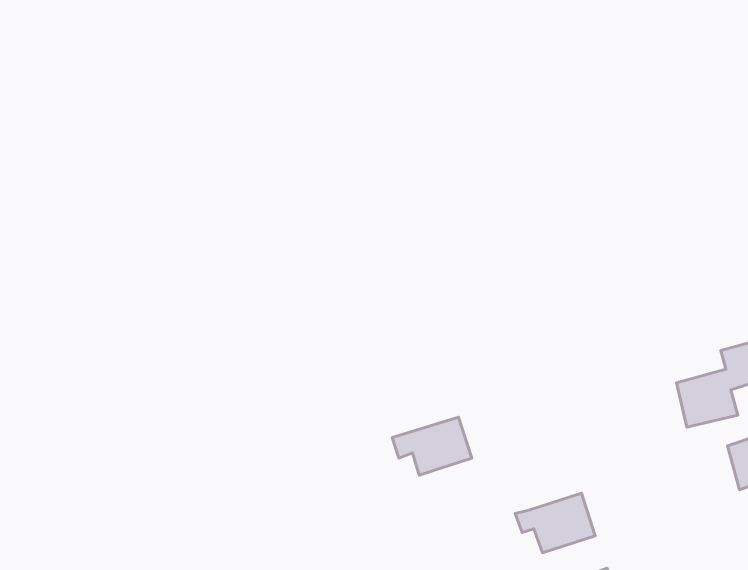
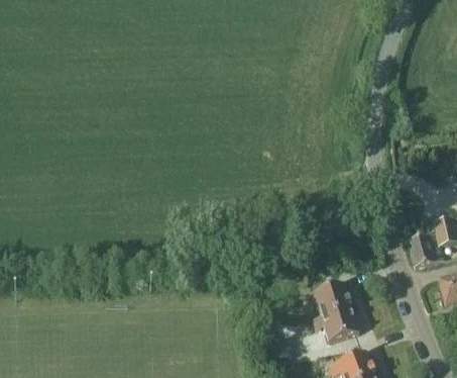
building: [392,417,472,475] -> [306,281,353,315]

